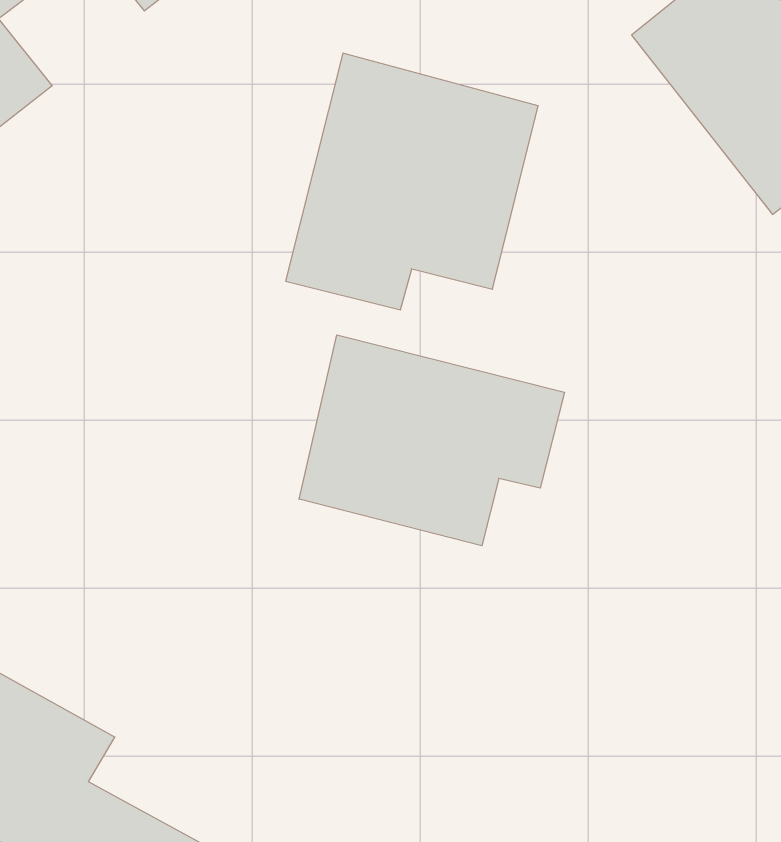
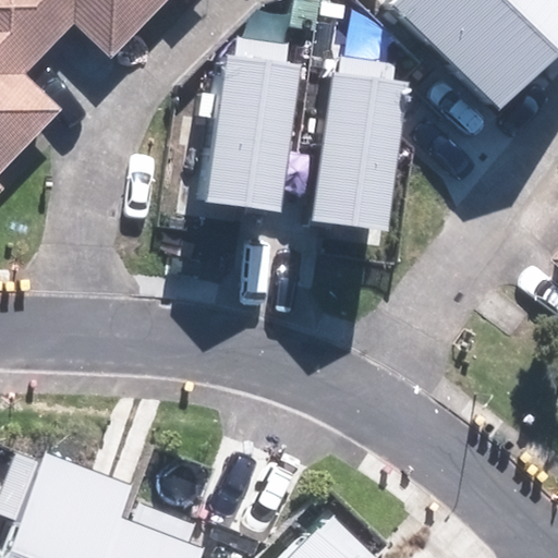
building: none -> [325,82,437,230]
building: [299,335,564,546] -> none

